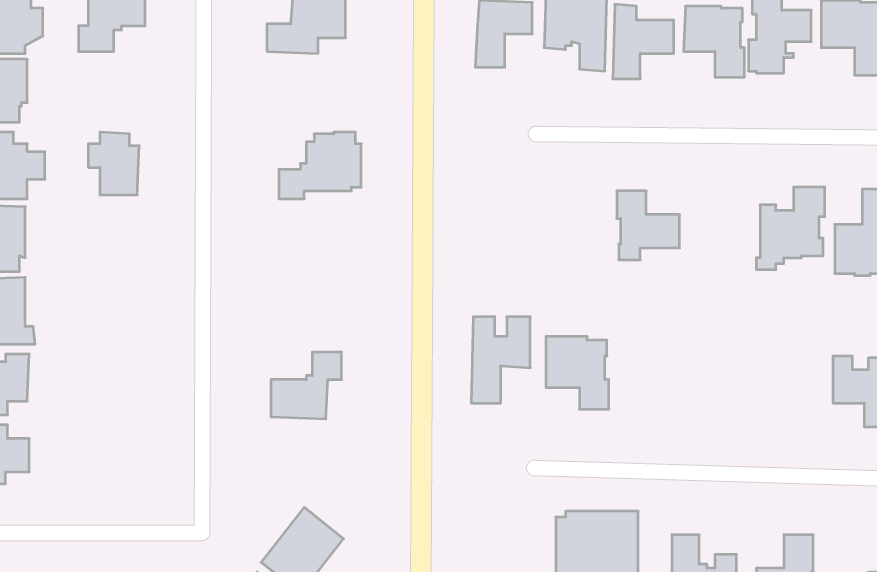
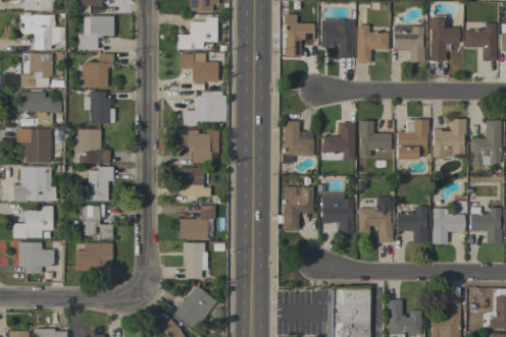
building: none -> [82,53,113,88]
building: none -> [180,53,218,82]
building: none -> [396,119,428,159]
building: none -> [282,121,313,164]
building: none -> [322,122,354,161]
building: none -> [74,129,110,163]
building: none -> [180,129,218,163]
building: none -> [75,167,112,201]
building: none -> [180,167,210,195]
building: none -> [432,201,467,243]
building: none -> [81,206,112,238]
building: none -> [397,207,427,242]
building: none -> [358,209,392,242]
building: none -> [183,242,207,279]
building: none -> [74,243,112,271]

